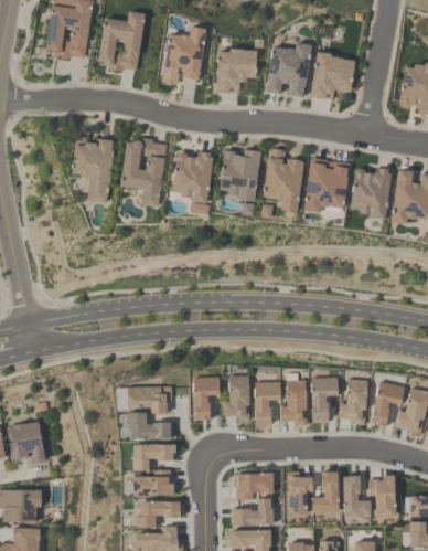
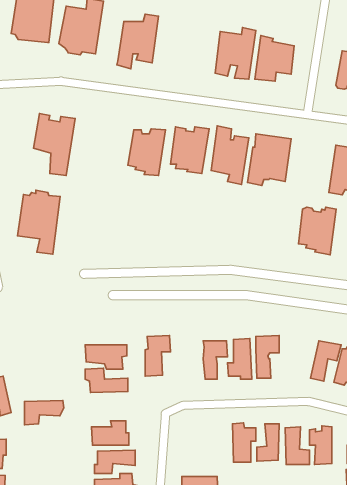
building: [215,51,257,93] -> none
building: [120,137,167,206] -> [17,190,60,254]
building: [351,168,392,220] -> [299,207,336,255]
building: [224,375,250,420] -> none
building: [341,379,368,424] -> none
building: [133,444,176,470] -> [24,401,64,425]
building: [236,473,272,499] -> none
building: [231,498,275,527] -> none

